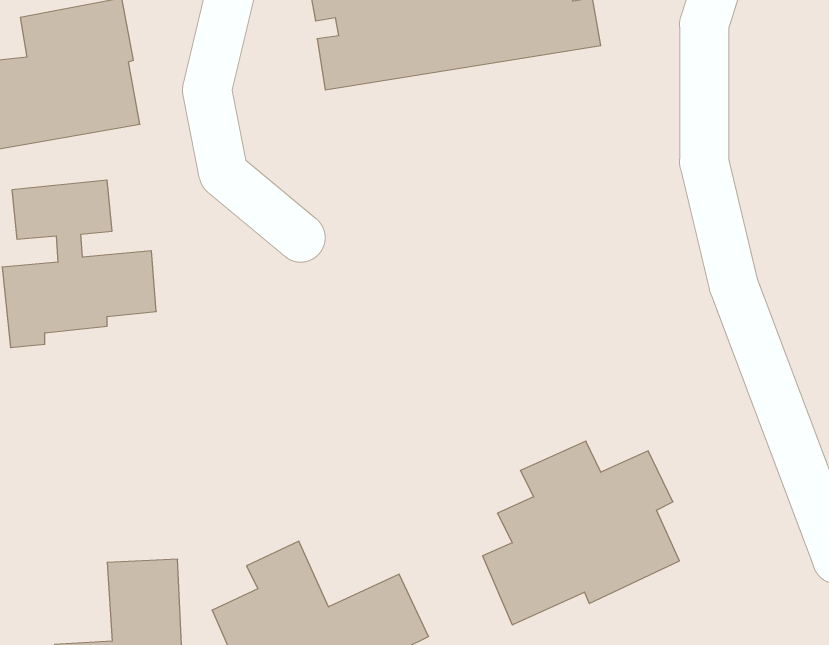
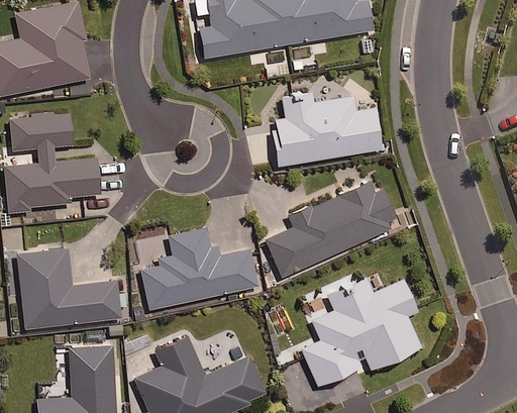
building: none -> [273,93,381,167]
building: none -> [267,180,396,278]
building: none -> [140,227,257,310]
building: none -> [17,250,121,329]

